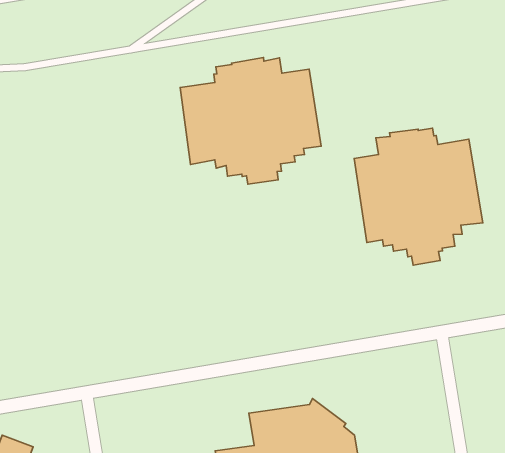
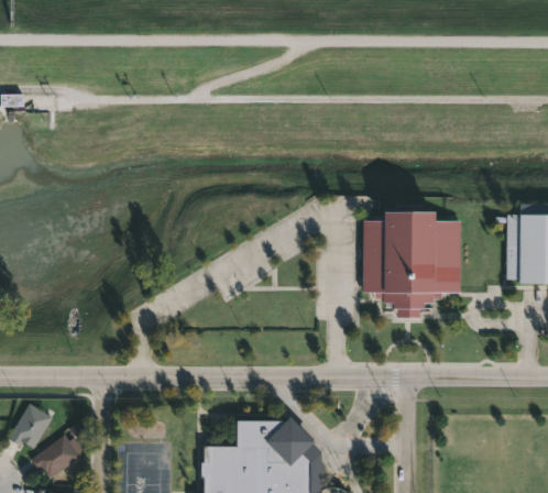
building: [180,58,321,184] -> none

